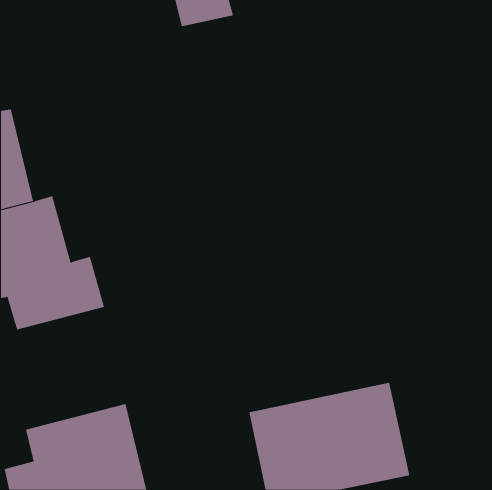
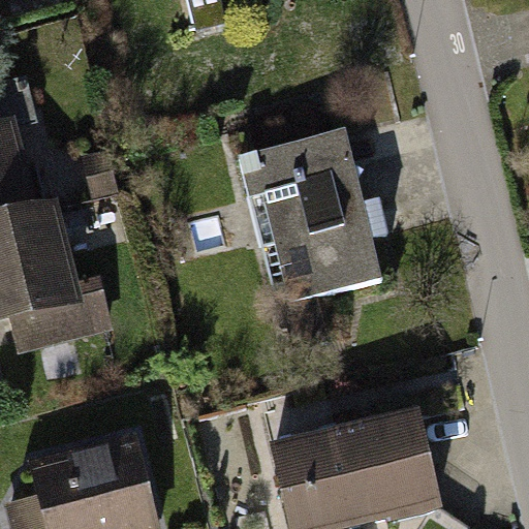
building: none -> [237,128,382,307]

